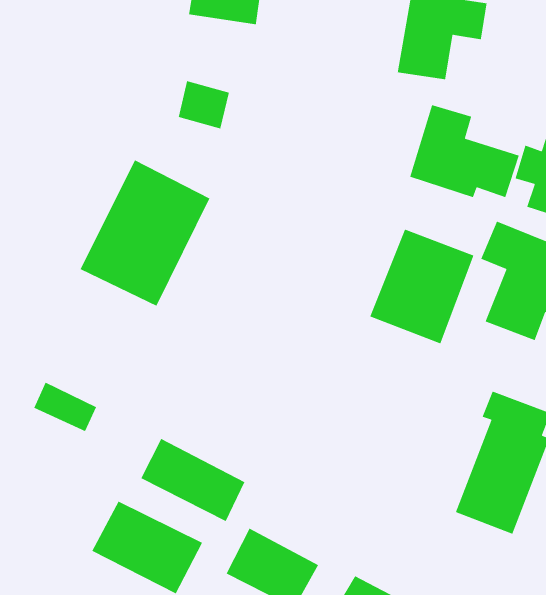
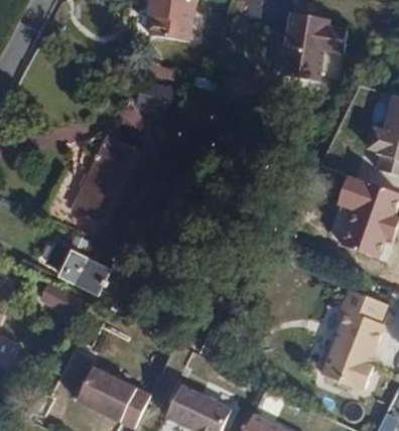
building: [409,104,520,198] -> none
building: [369,229,475,344] -> none
building: none -> [58,250,111,294]
building: [140,438,246,522] -> none

